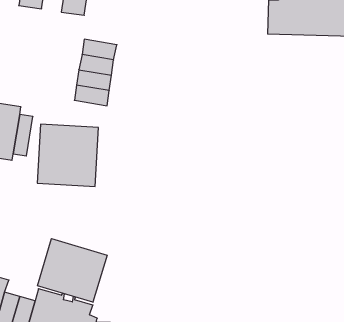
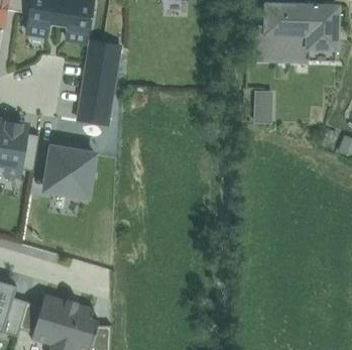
building: none -> [87,40,120,68]
building: none -> [255,89,274,121]
building: [38,239,107,302] -> none

